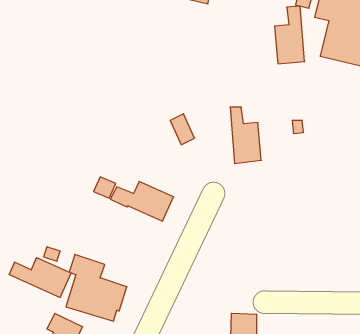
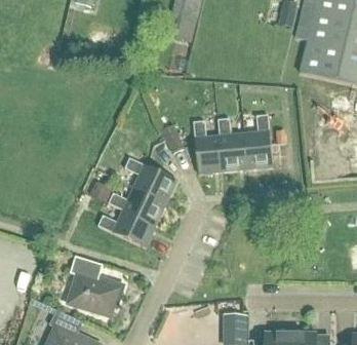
building: [275,6,305,64] -> [243,113,271,166]
building: none -> [193,117,222,171]
building: none -> [123,156,175,200]
building: [9,258,71,298] -> [97,208,155,245]

